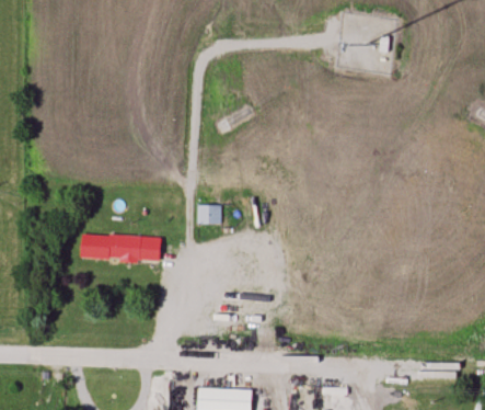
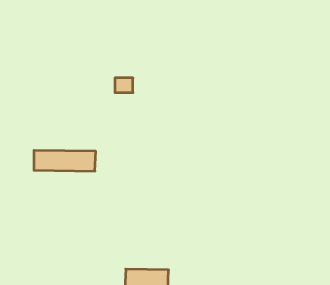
building: [196,205,219,224] -> [115,78,133,93]

